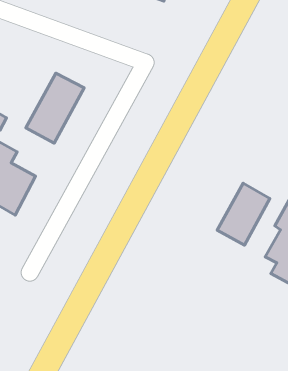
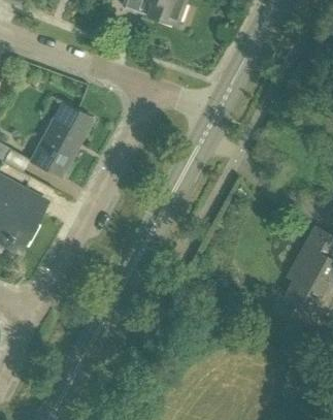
building: [217,183,270,245] -> none

